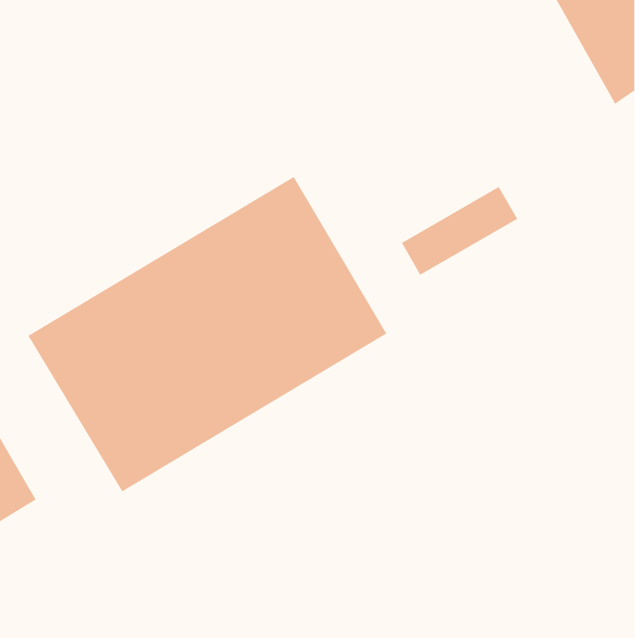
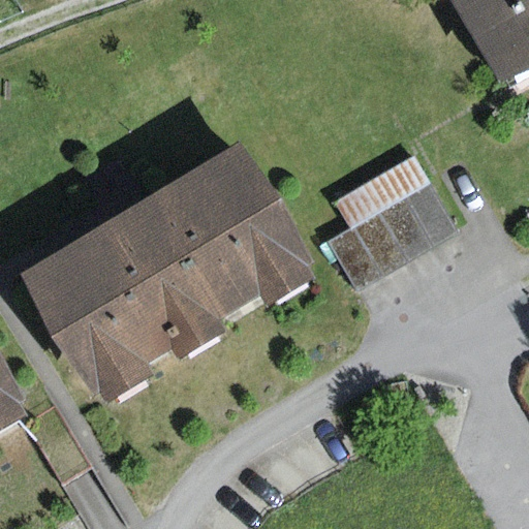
building: none -> [324,180,455,286]

